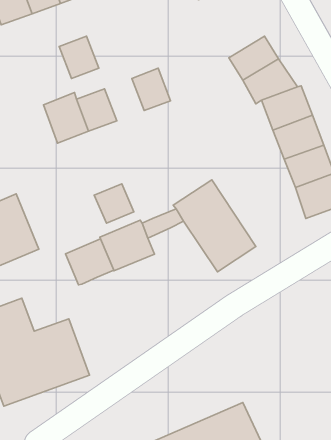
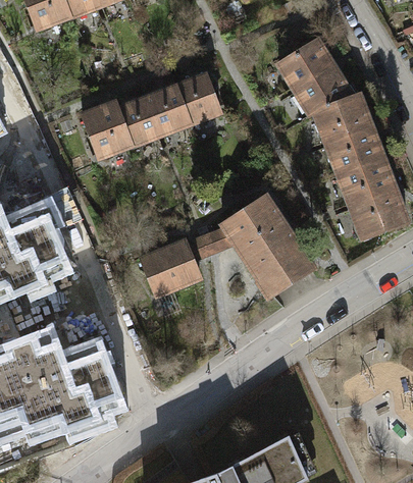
building: [59,36,99,79] -> [145,87,188,132]
building: [94,184,134,223] -> none
building: [65,239,114,285] -> none

